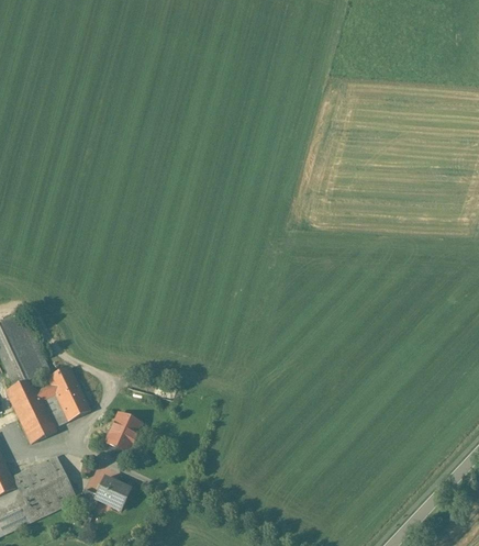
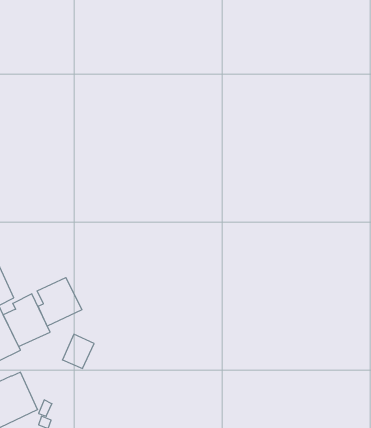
building: none -> [37,278,82,326]
building: [94,477,131,510] -> none

